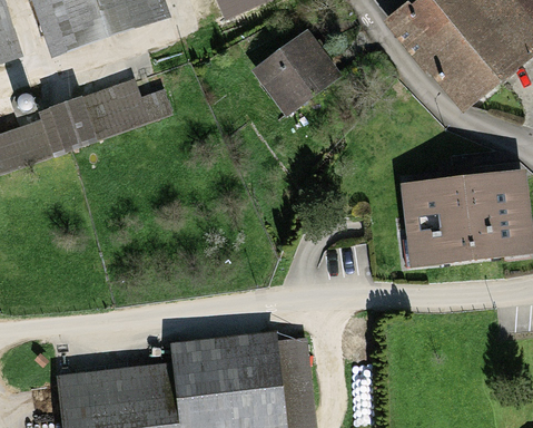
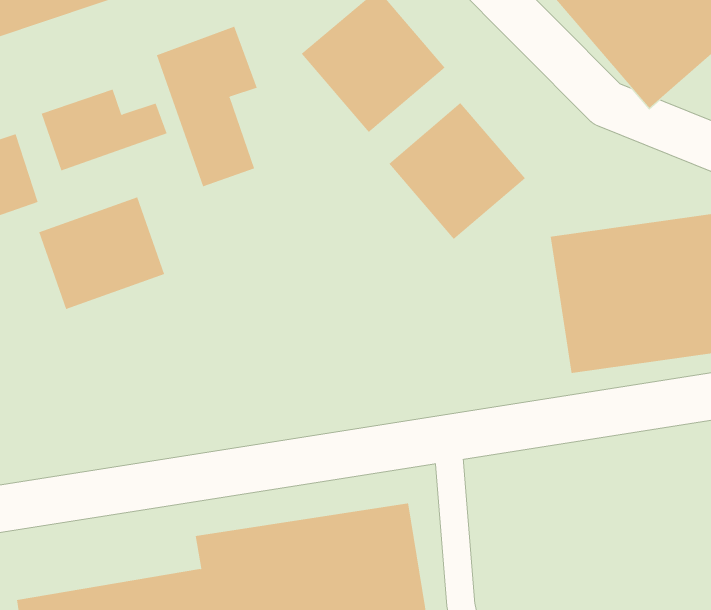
building: none -> [156,26,258,187]
building: none -> [388,102,526,240]
building: none -> [38,197,165,310]

